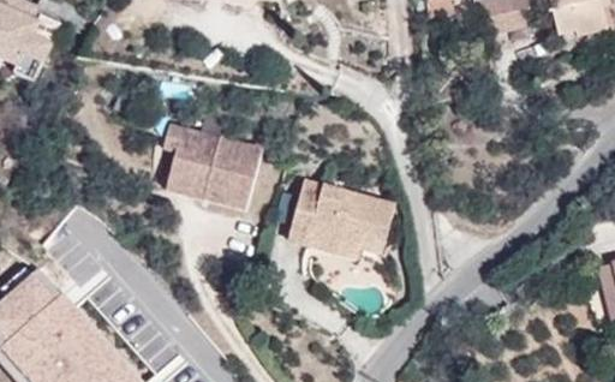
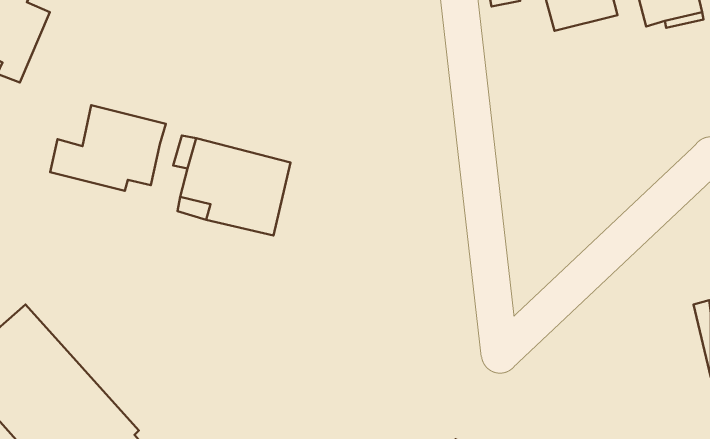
building: none -> [50,105,166,191]
building: [287,180,394,252] -> none

